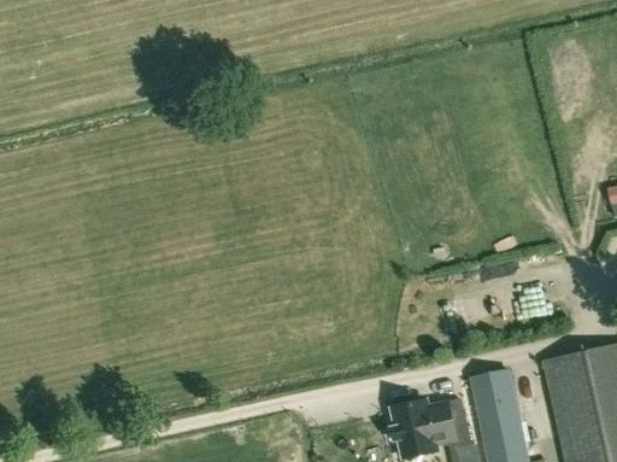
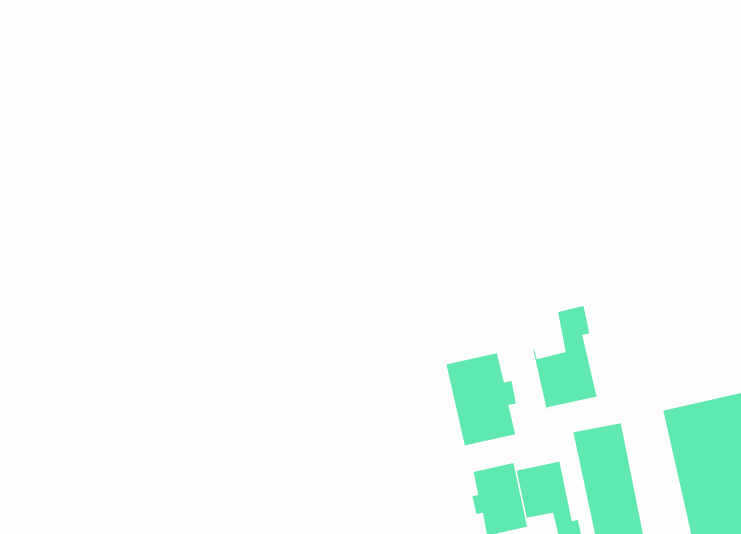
building: none -> [533,305,597,417]
building: none -> [446,353,517,446]

